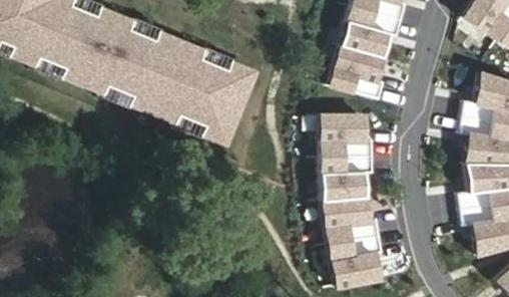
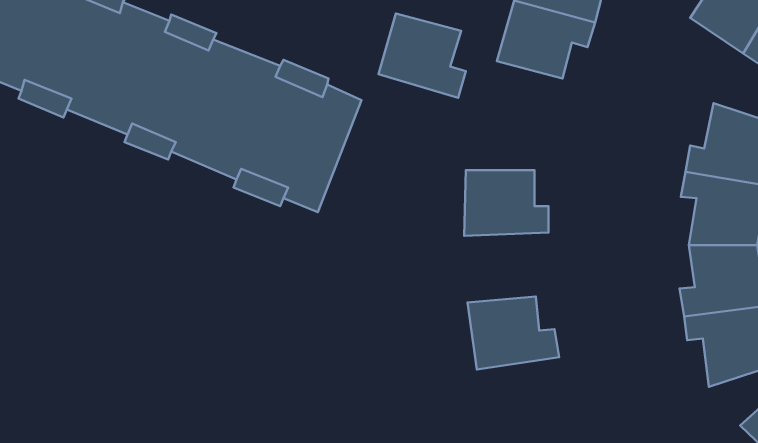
building: [330,45,386,99] -> [379,14,466,98]
building: [320,156,375,201] -> none
building: [328,236,384,286] -> none

